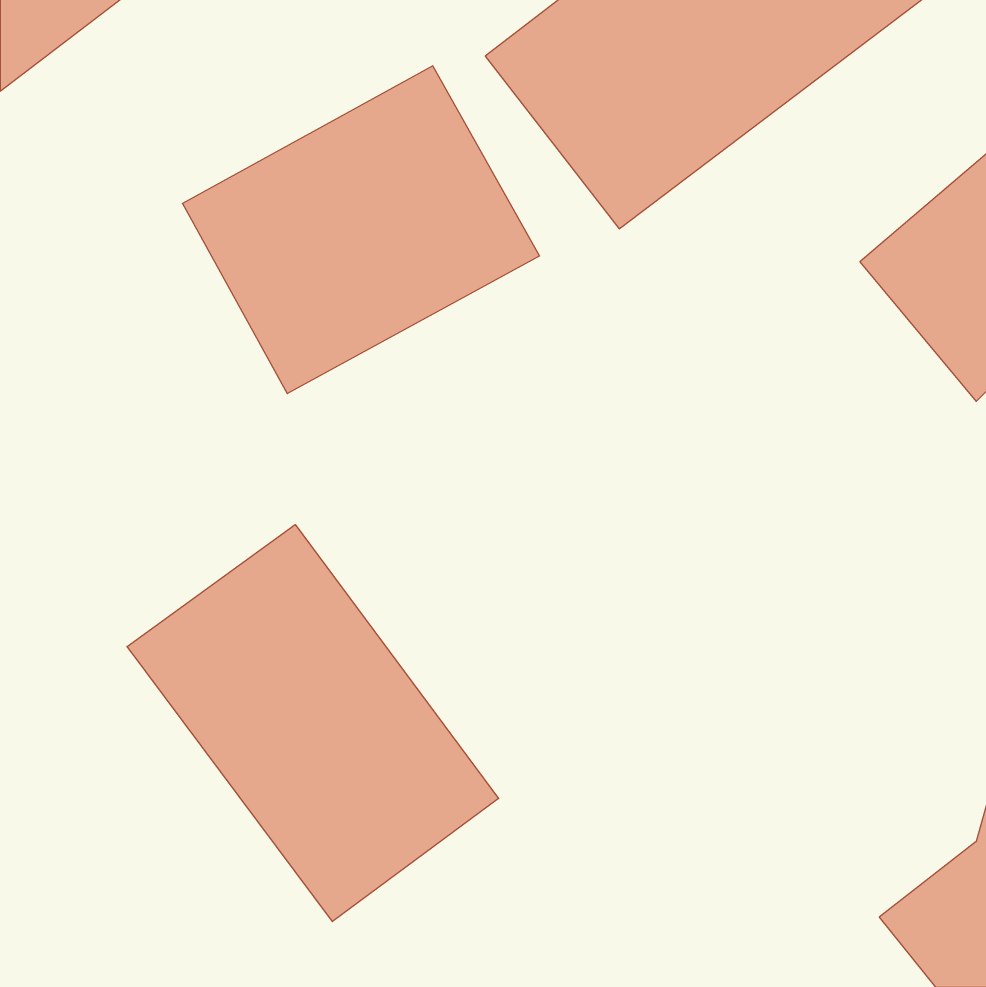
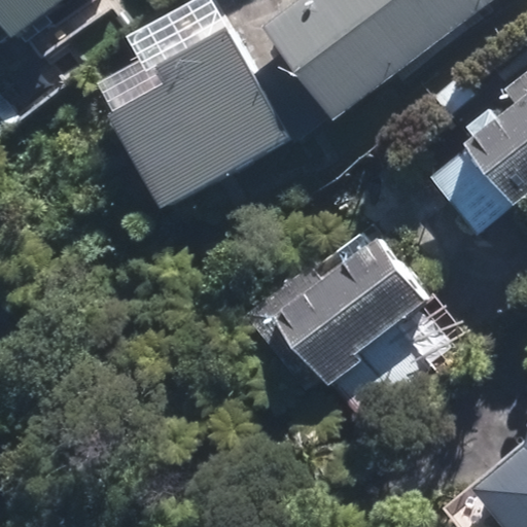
building: none -> [244,216,442,402]
building: [127,525,499,922] -> none

